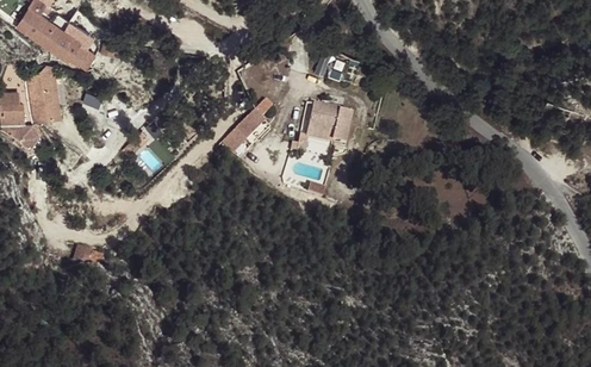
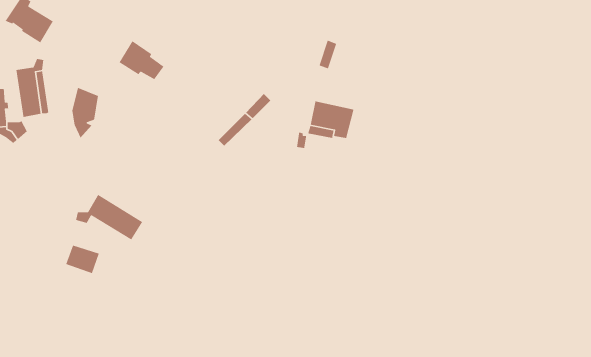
building: [51,27,95,66] -> [119,40,165,80]
building: none -> [75,194,143,240]

